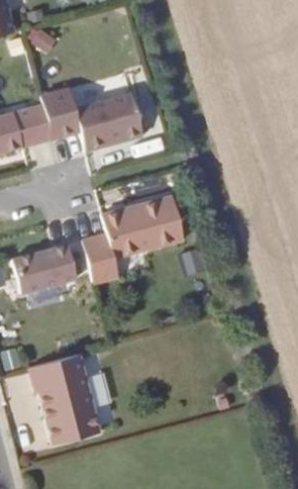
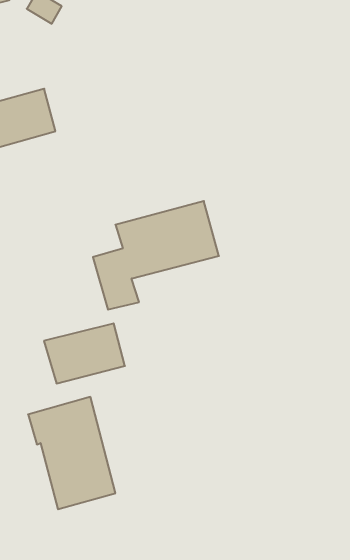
building: [40,87,143,150] -> none
building: [11,243,77,292] -> [44,323,125,383]

